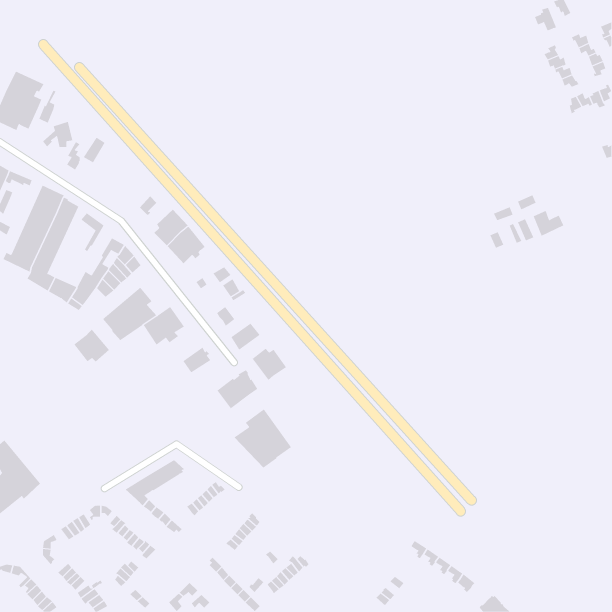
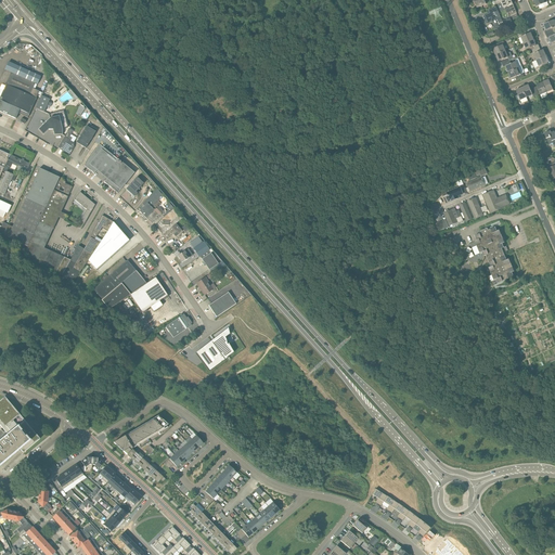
building: none -> [82,143,133,192]
building: none -> [474,227,513,282]
building: [73,329,110,362] -> none
building: [252,348,287,381] -> none
building: [234,408,292,468] -> none

